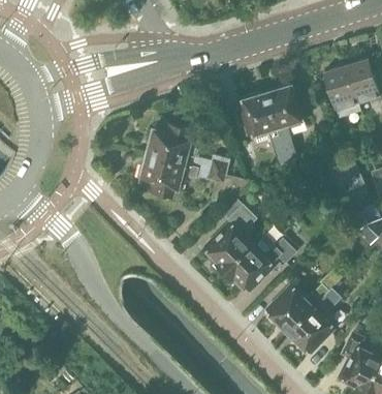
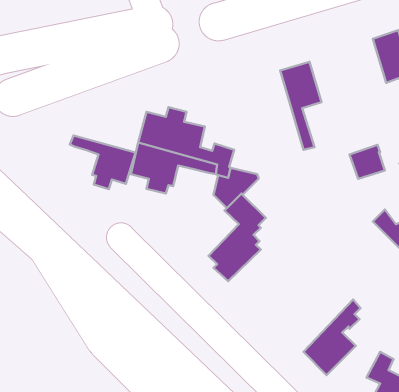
building: [325,66,360,118] -> none
building: [243,93,288,163] -> none
building: none -> [70,135,136,189]
building: [224,237,297,290] -> none
building: [268,273,340,332] -> none

